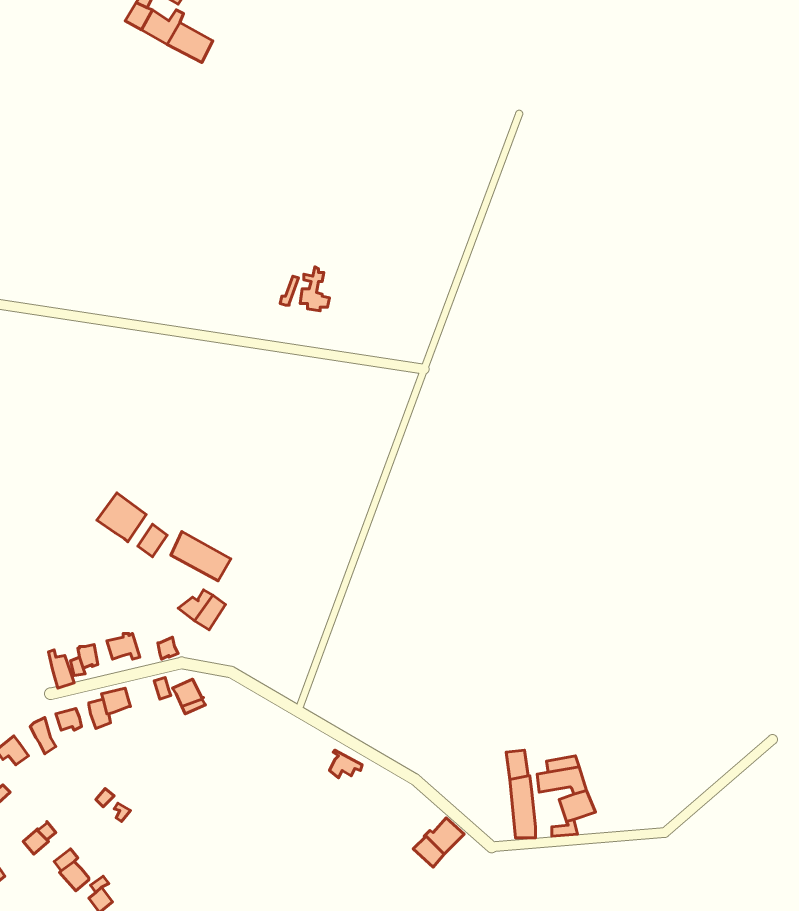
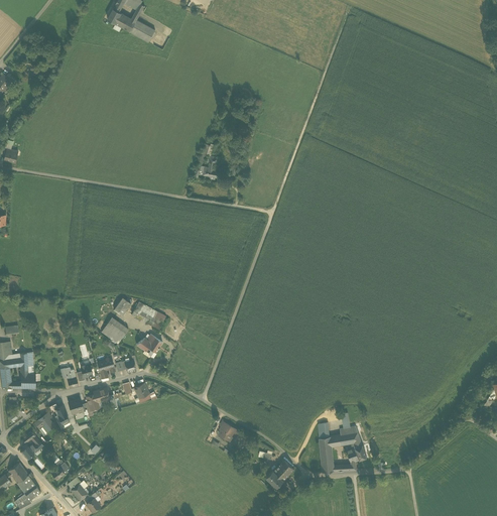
building: [97,493,146,542] -> [100,316,127,344]

